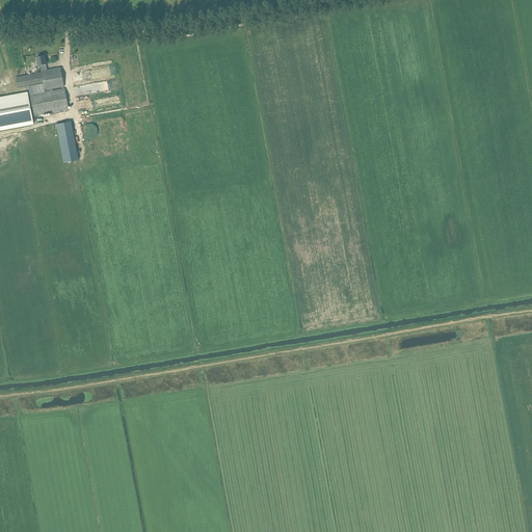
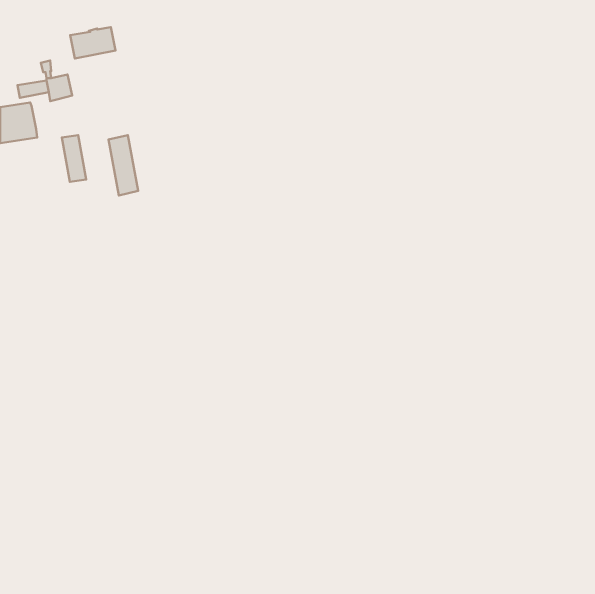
building: [28,87,69,115] -> [70,27,116,59]
building: none -> [109,135,138,195]

